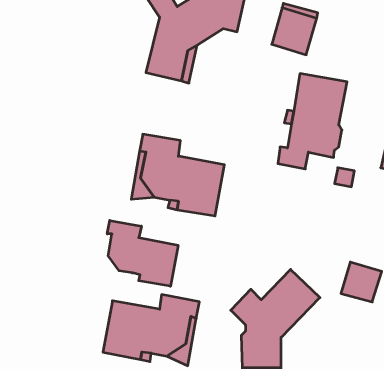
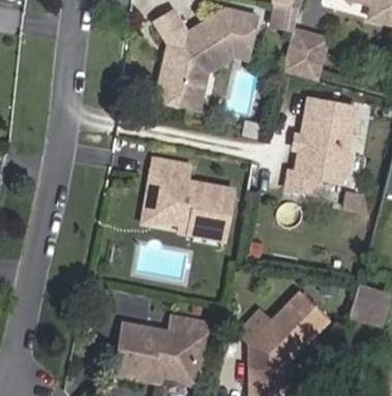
building: [107,220,178,286] -> none

